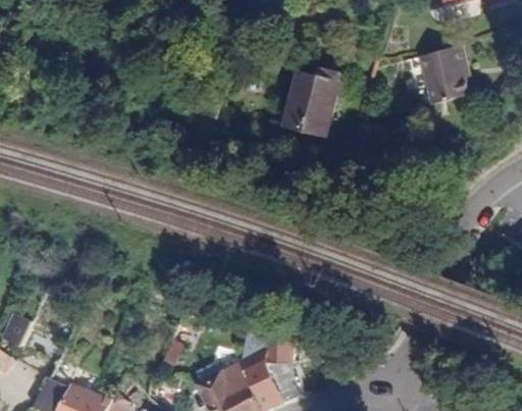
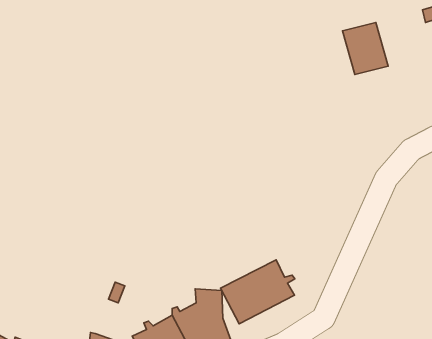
building: [285,72,338,135] -> none
building: none -> [220,260,295,324]

